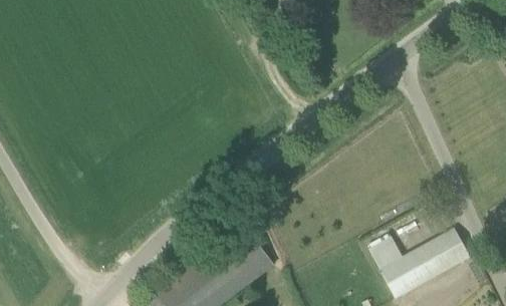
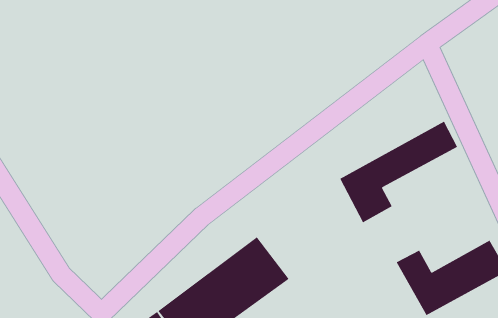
building: none -> [339,121,458,223]

